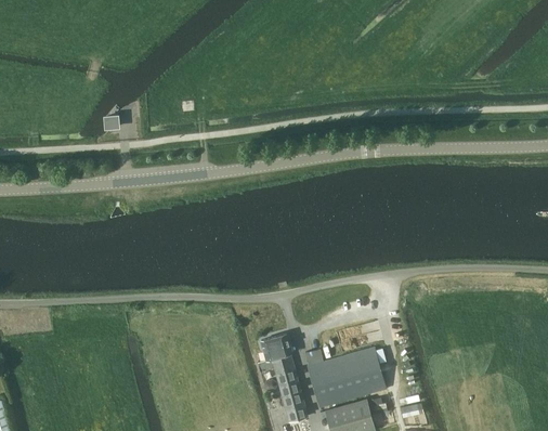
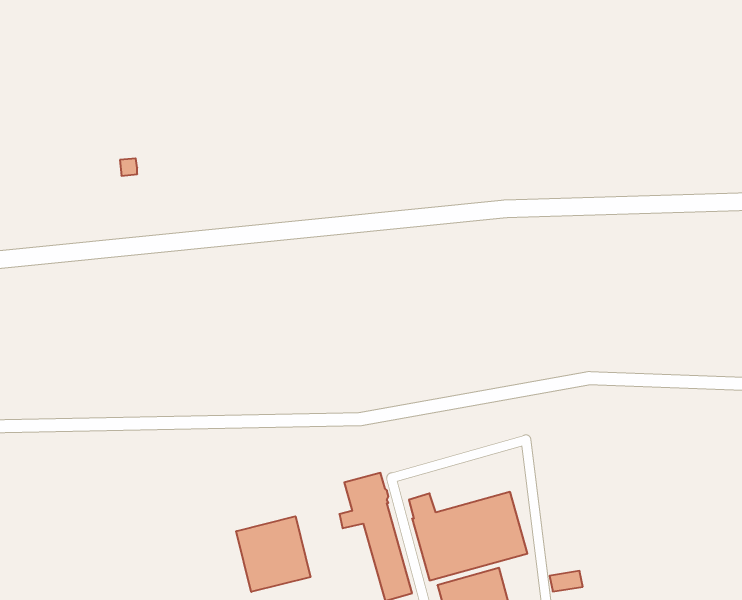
building: none -> [236,516,310,592]

